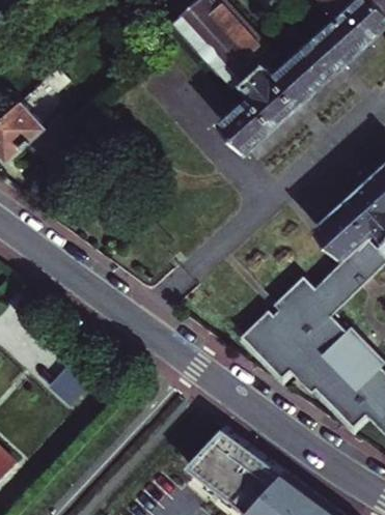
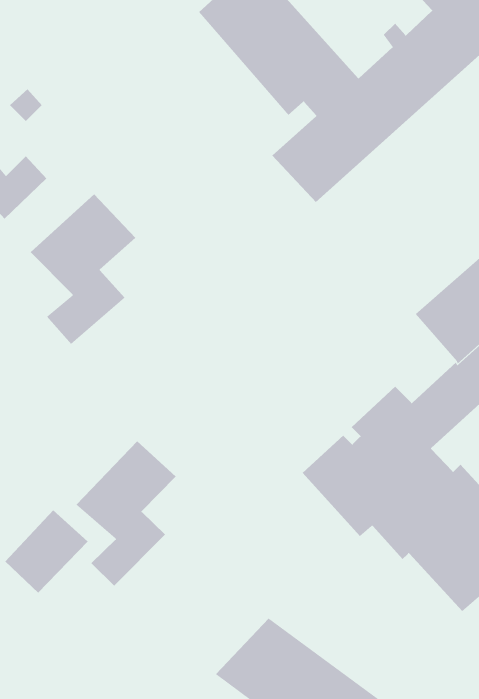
building: none -> [30,193,136,345]
building: none -> [76,440,177,586]

